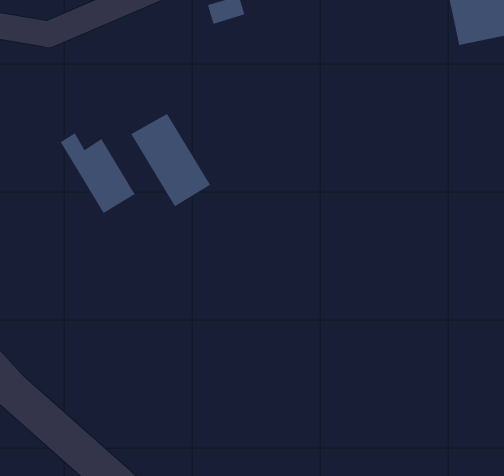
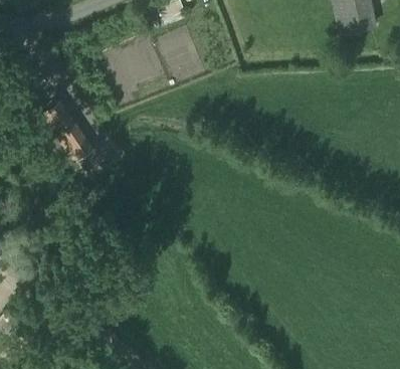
building: [130,113,211,207] -> none

